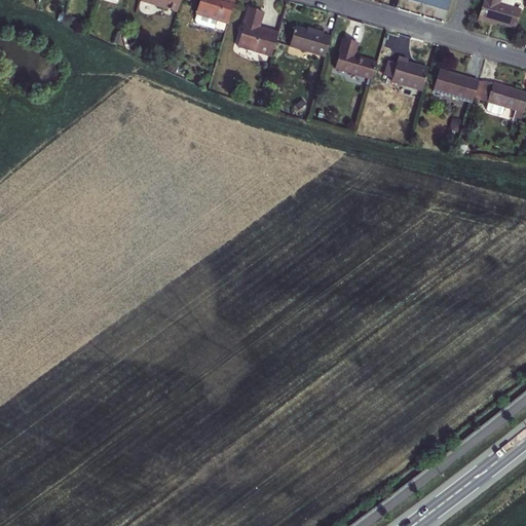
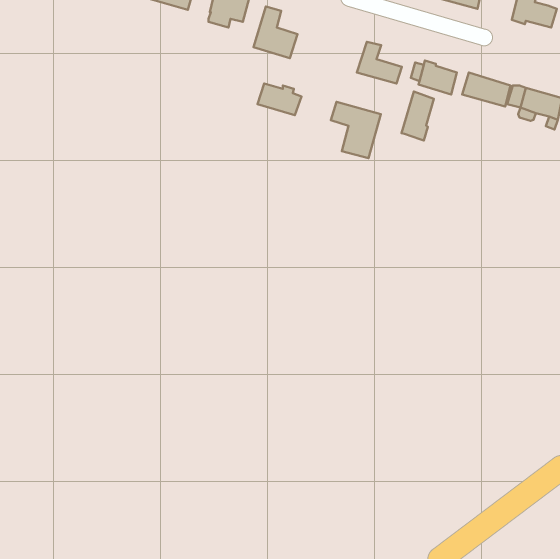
building: [290,26,331,55] -> [258,83,302,115]
building: none -> [401,91,434,141]
building: none -> [331,102,381,158]

